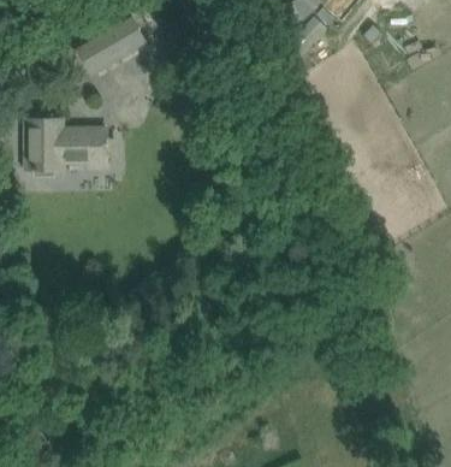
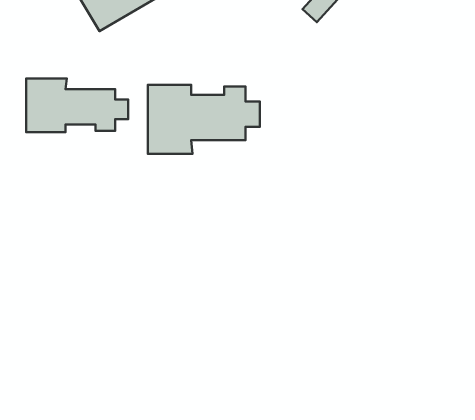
building: none -> [148,85,260,154]

